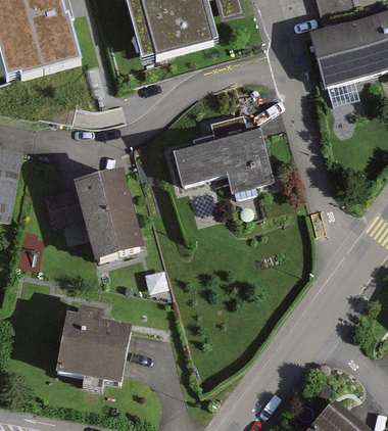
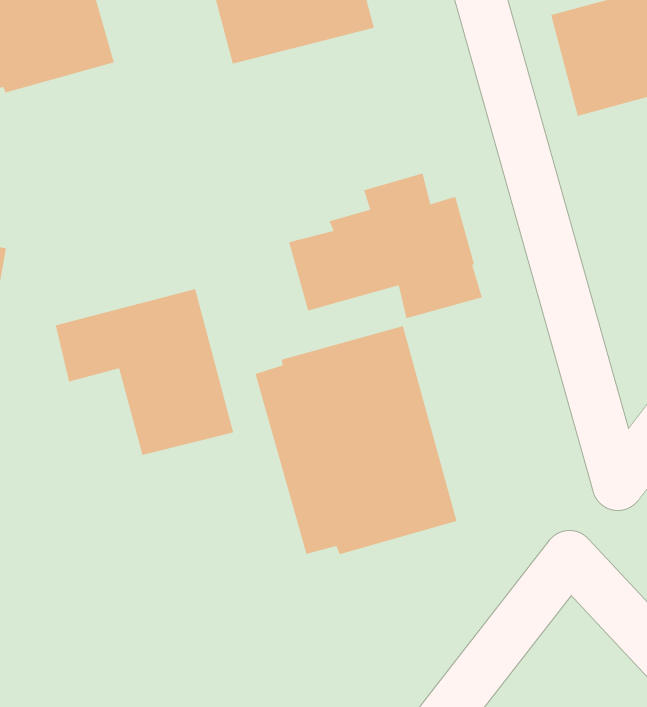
building: none -> [255,325,457,555]
building: [55,312,132,391] -> none

